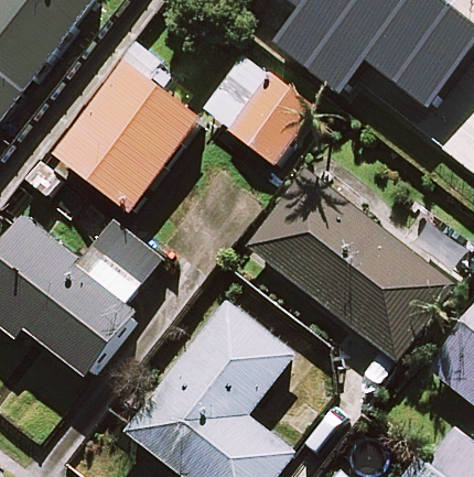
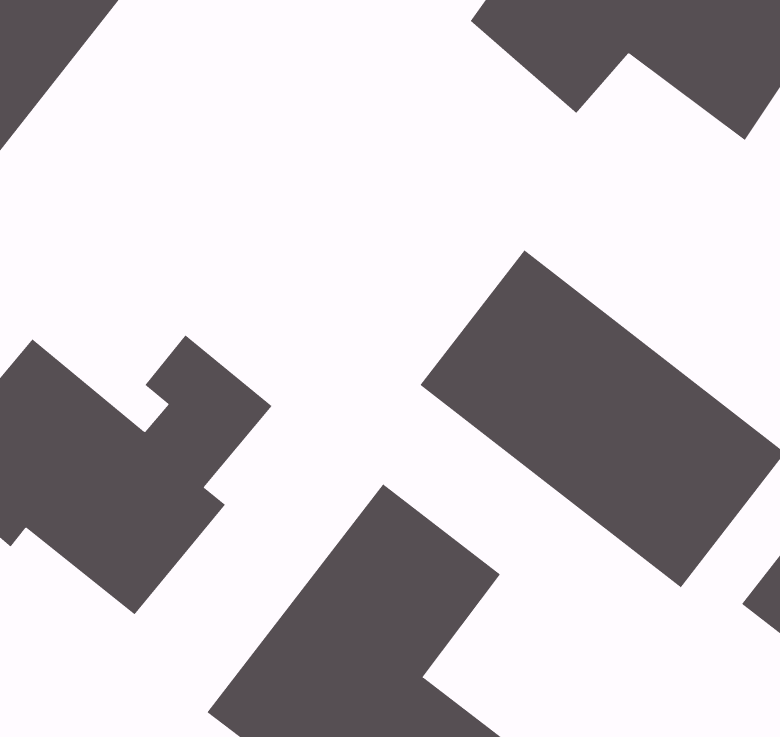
building: [54,42,200,210] -> none
building: [202,55,310,160] -> none

